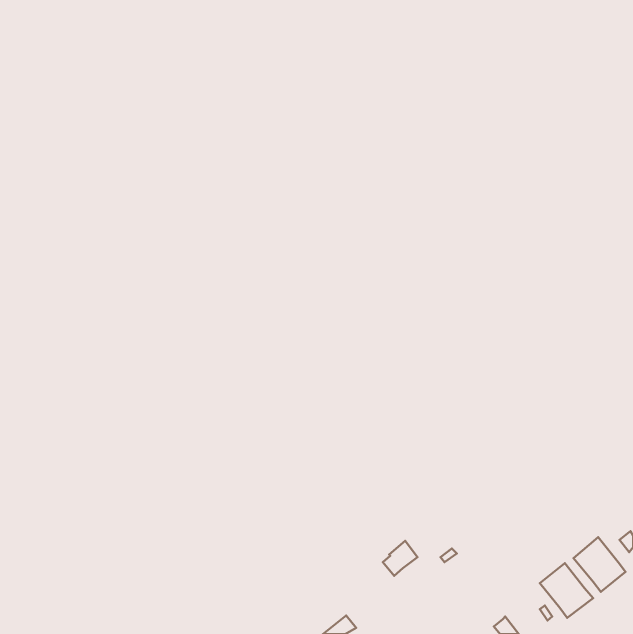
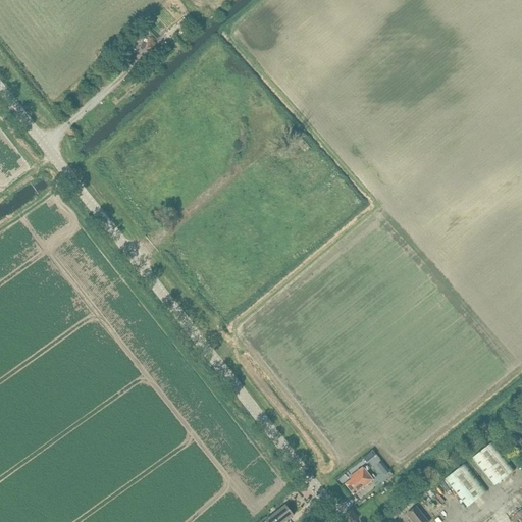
building: [383,541,418,576] -> [344,467,372,495]

